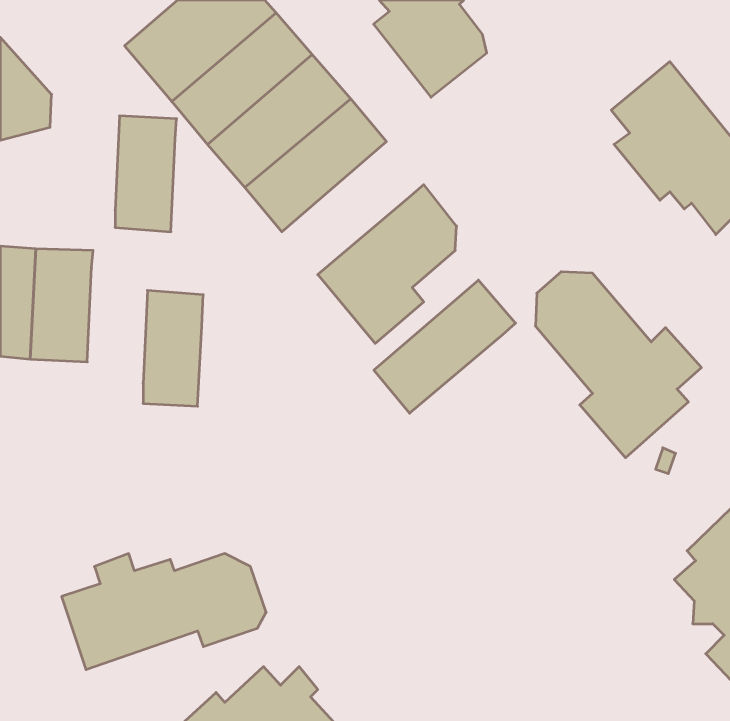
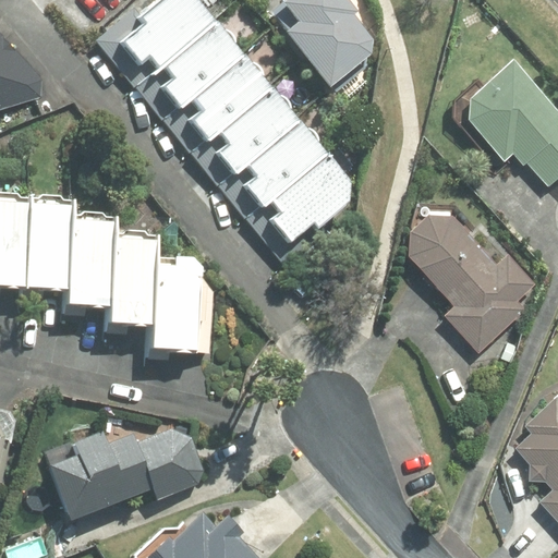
building: [115,116,177,232] -> [68,211,114,300]
building: [374,280,516,413] -> [216,116,324,217]
building: none -> [150,252,213,353]

